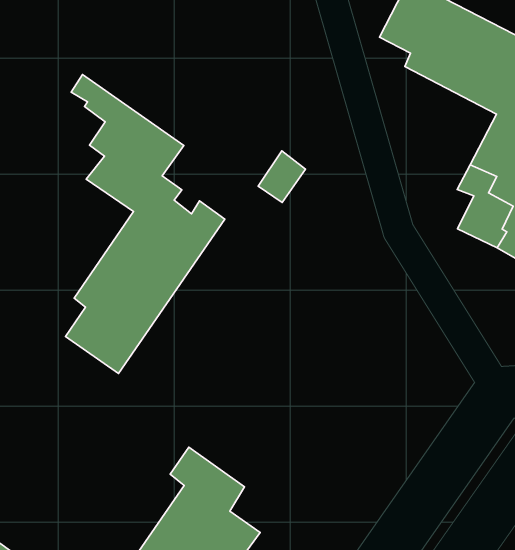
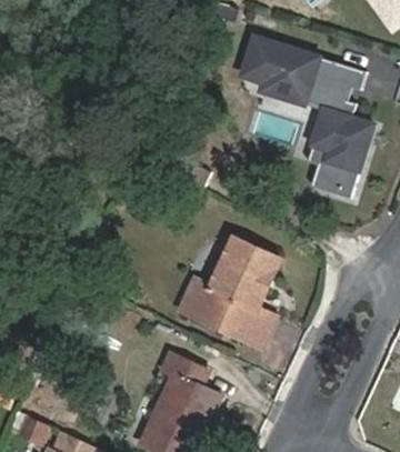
building: [65,75,225,373] -> none
building: none -> [178,237,280,346]

